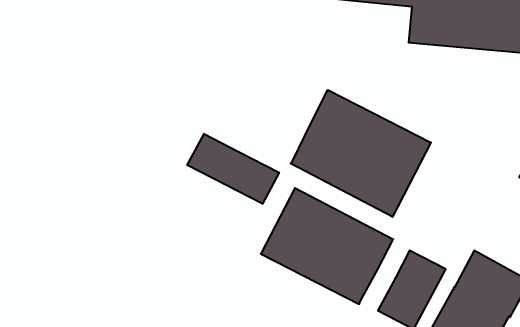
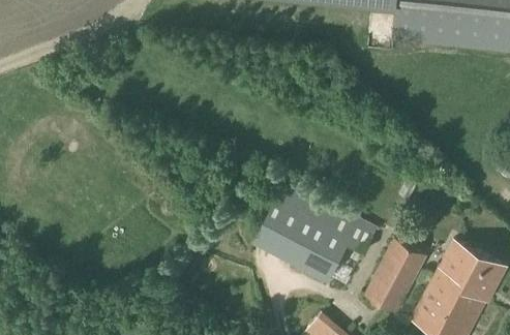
building: [291,90,431,217] -> none
building: [187,134,279,204] -> none

